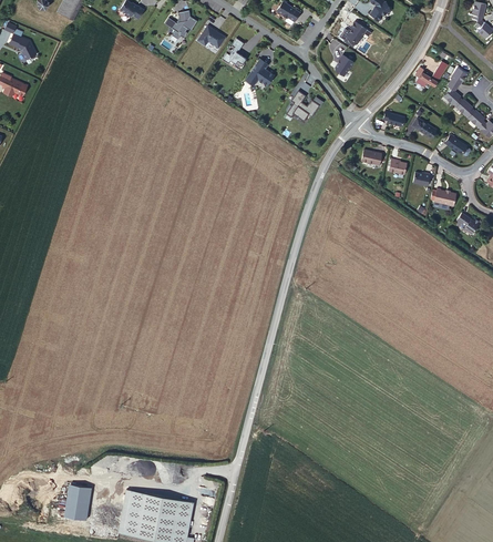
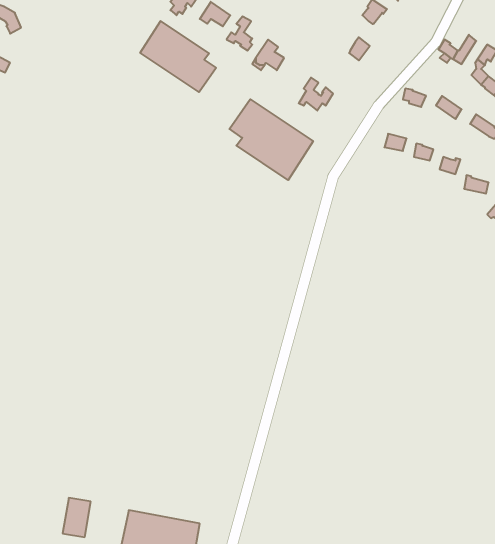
building: none -> [140,21,216,92]
building: none -> [229,99,313,180]

